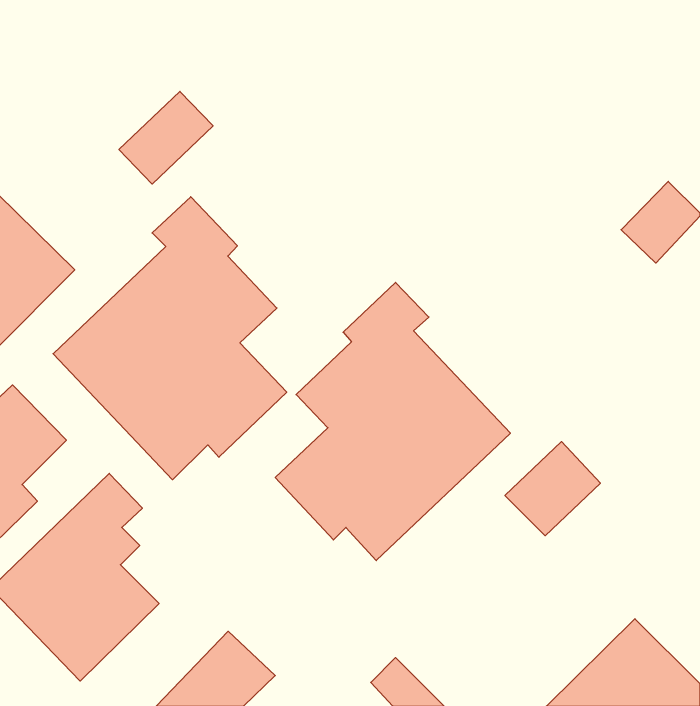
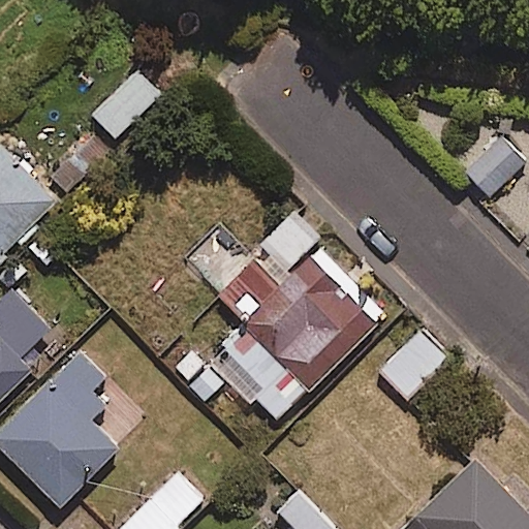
building: [53,197,287,480] -> none

